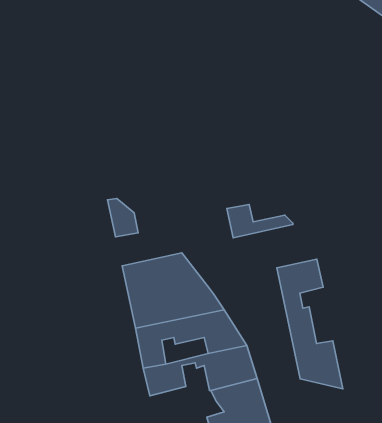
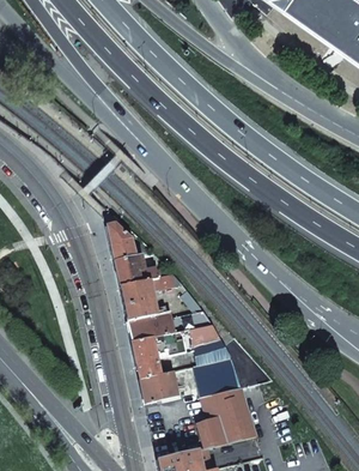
building: [227,205,293,238] -> [114,256,174,286]
building: [277,259,343,389] -> none

